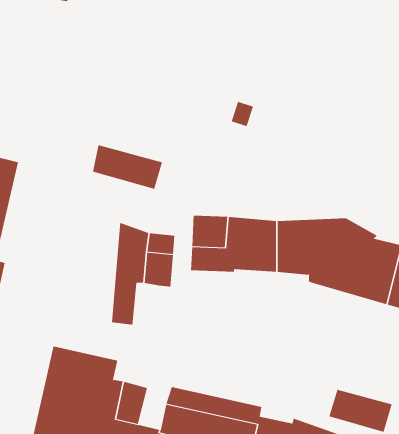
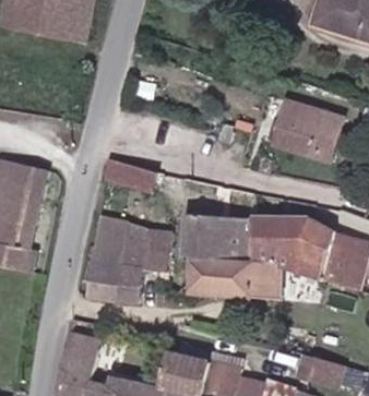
building: none -> [274,103,341,160]
building: none -> [90,216,127,301]
building: none -> [190,259,282,300]

